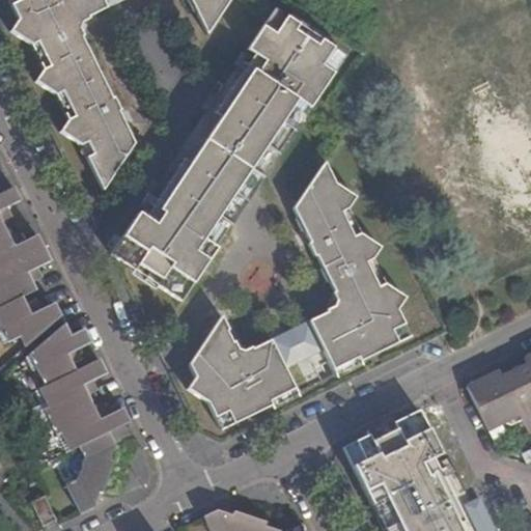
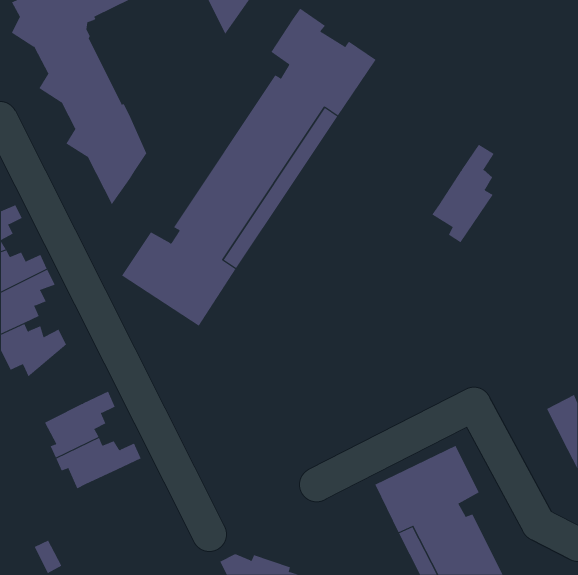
building: none -> [432,144,495,243]
building: [294,159,406,368] -> none
building: [188,314,297,422] -> none
building: [31,324,90,385] -> none
building: [467,369,520,428] -> none
building: [64,431,114,514] -> none

